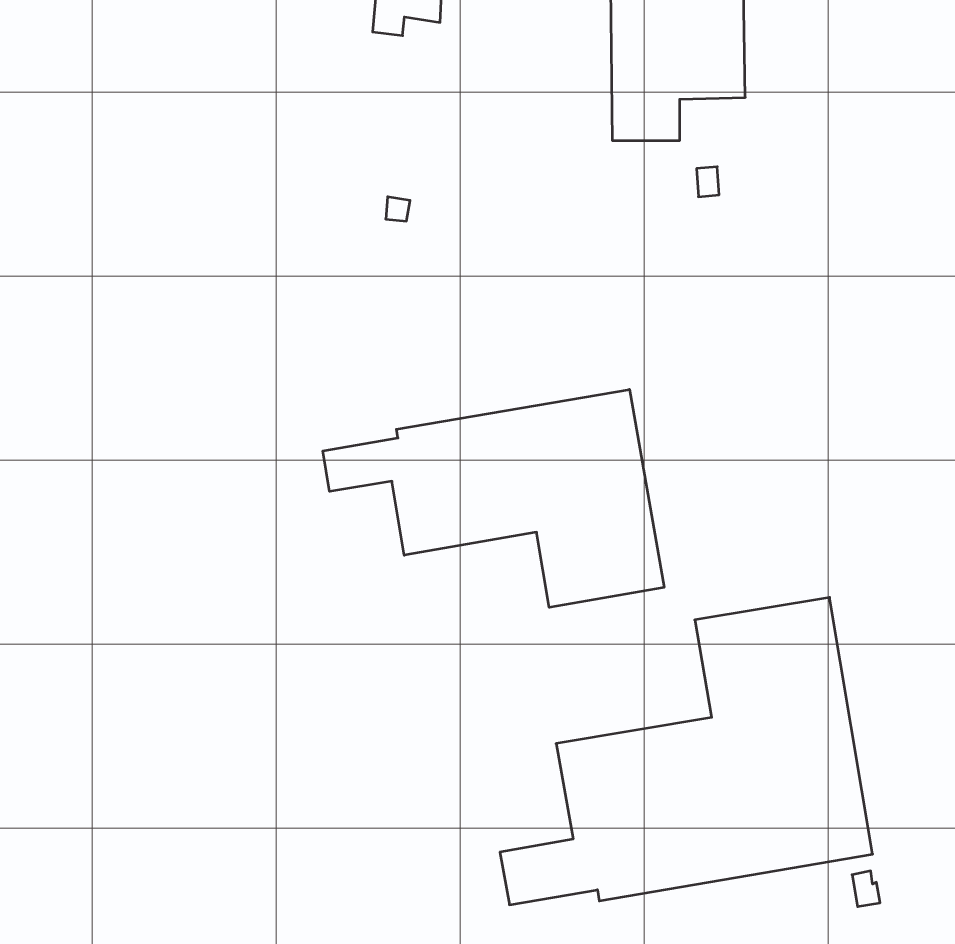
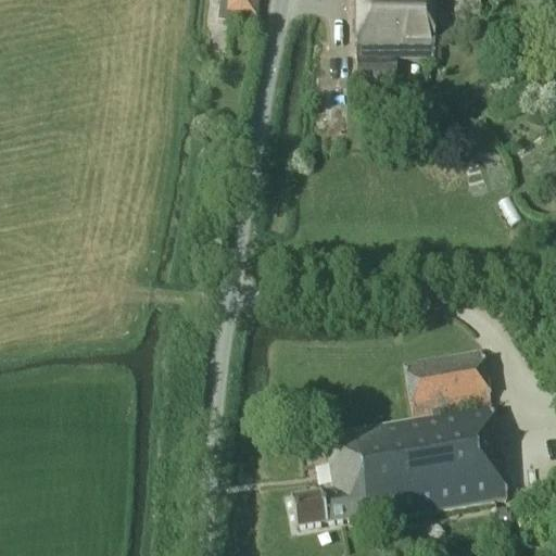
building: [323,389,664,607] -> none

